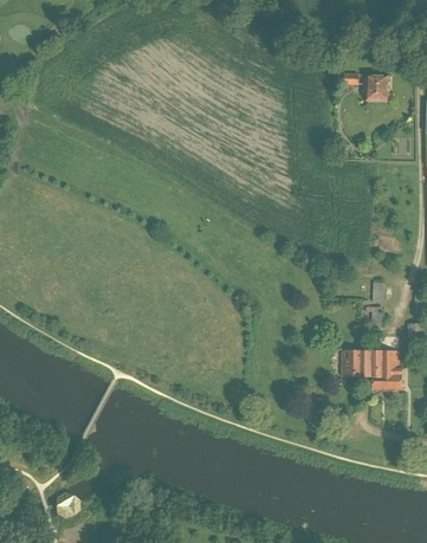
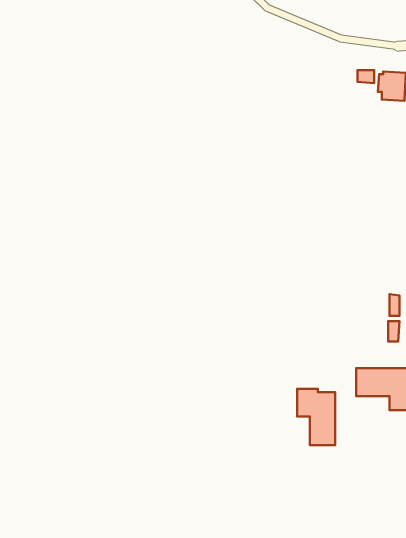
building: none -> [297,389,335,445]

